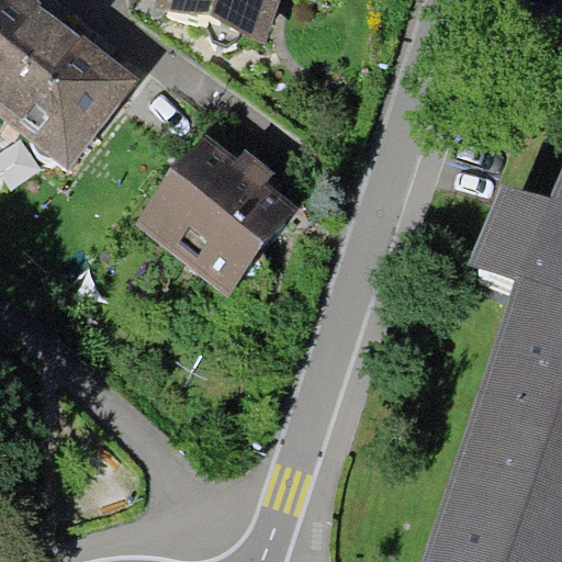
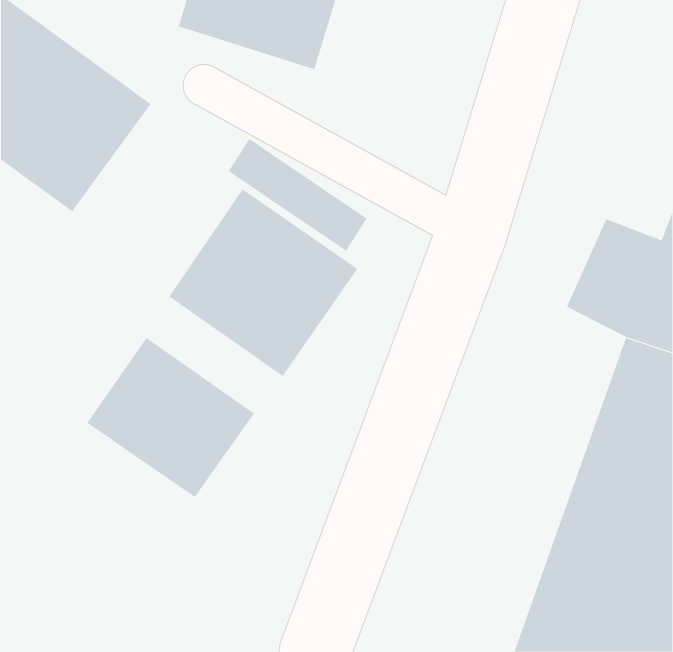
building: none -> [87,337,255,498]

